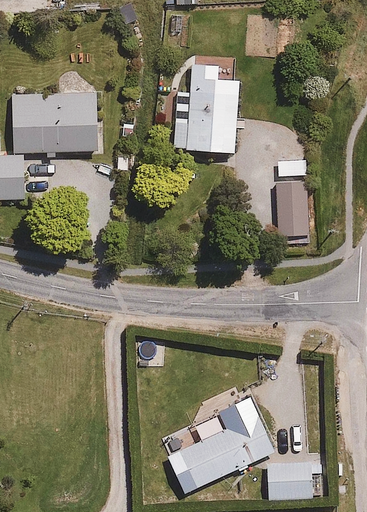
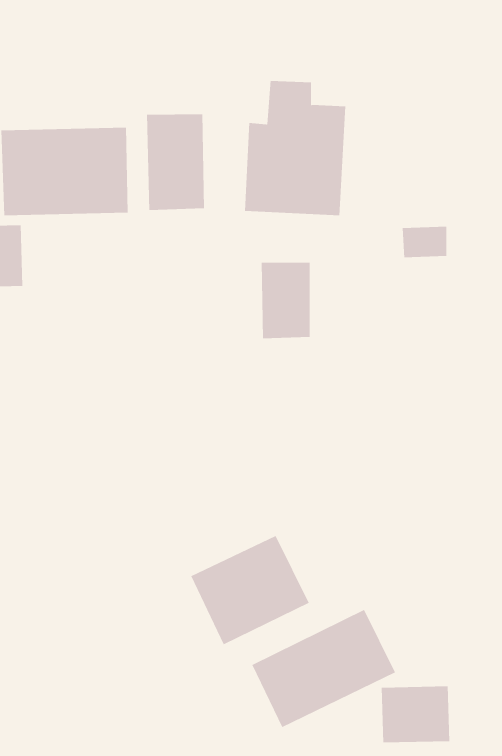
building: none -> [146,113,205,211]
building: [275,185,308,236] -> [261,262,310,339]
building: none -> [190,535,310,645]

